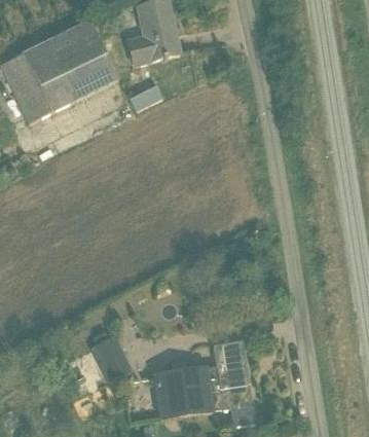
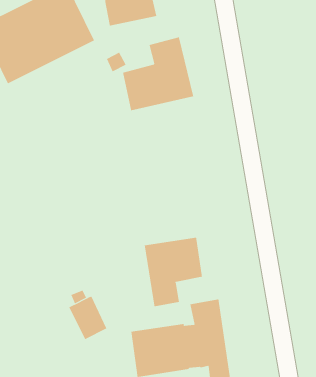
building: none -> [122,37,194,111]
building: none -> [144,237,202,307]

